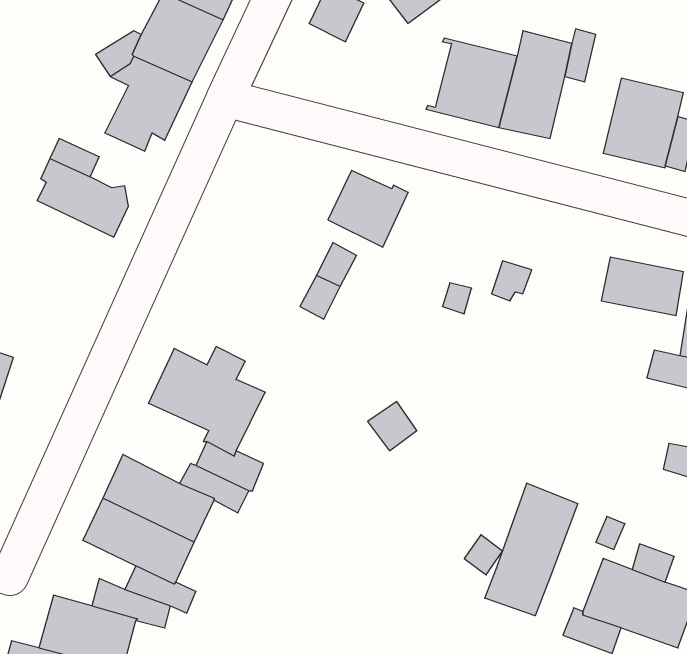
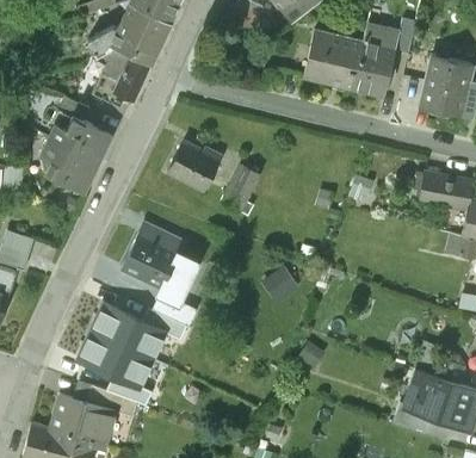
building: [328,170,408,247] -> [167,138,220,188]
building: none -> [41,136,99,190]
building: [485,483,578,616] -> none

